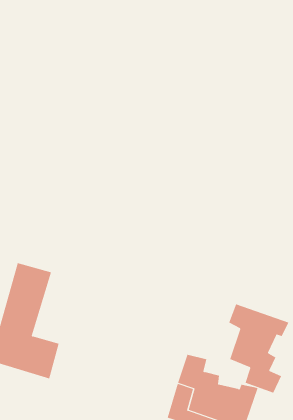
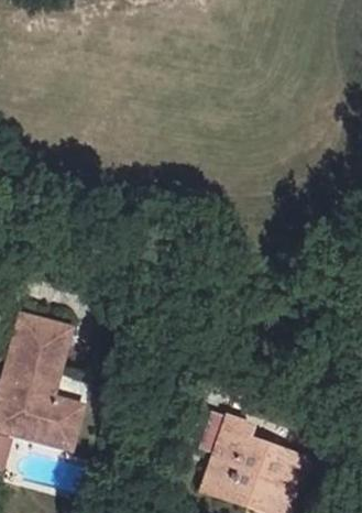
building: [229,304,289,393] -> none

